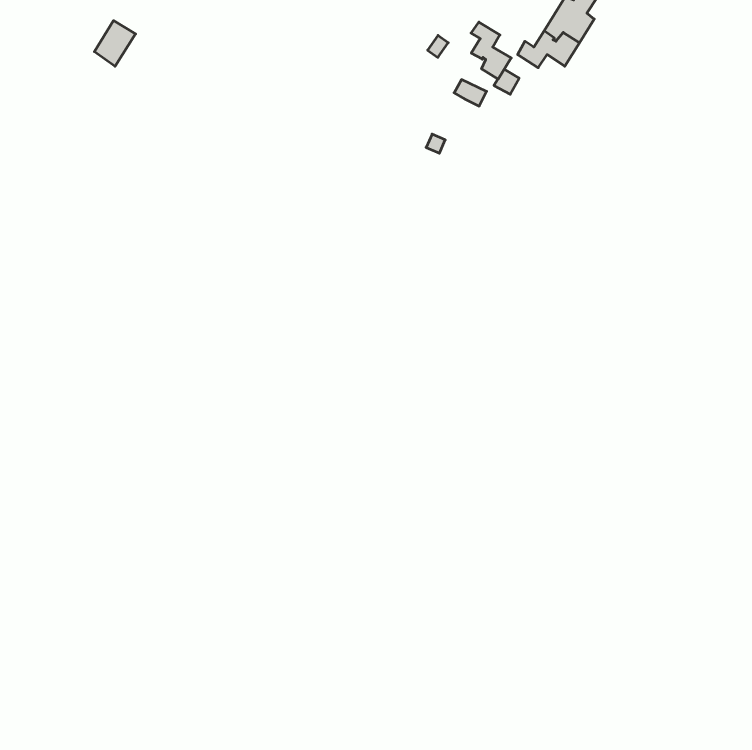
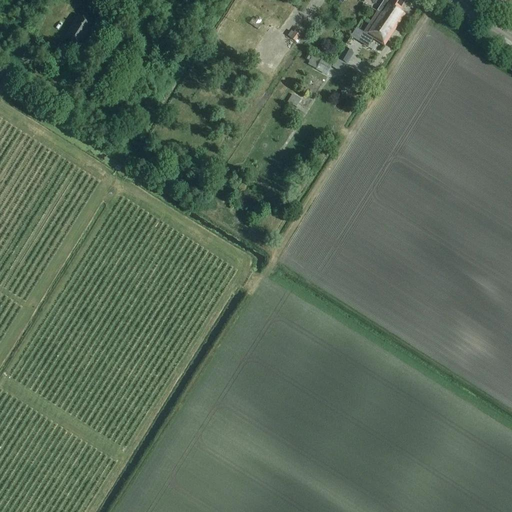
building: [471,22,511,79] -> none

